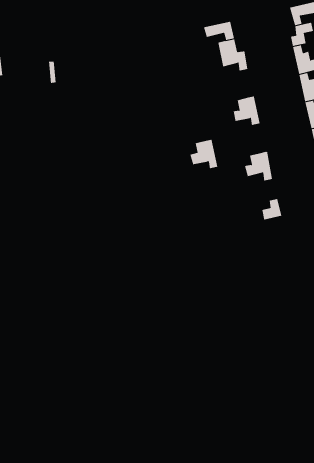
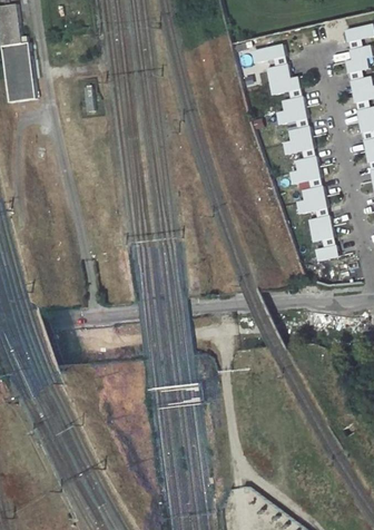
building: none -> [277,96,307,127]
building: [190,139,218,169] -> [289,155,321,187]
building: none -> [308,215,333,241]

